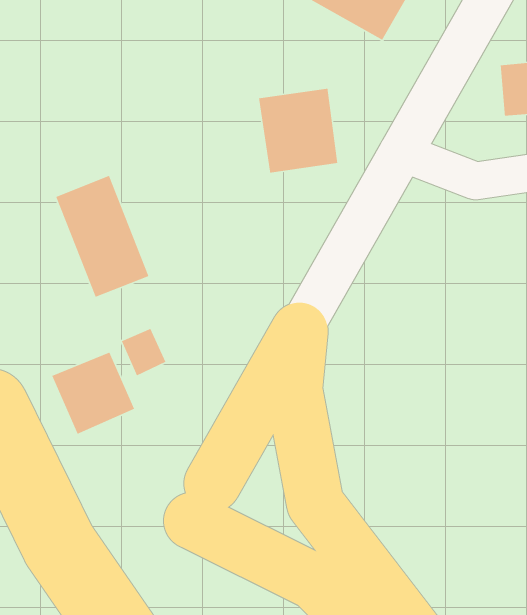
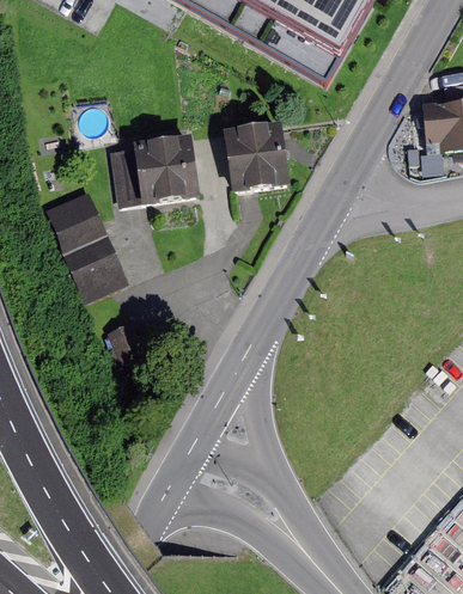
building: none -> [108,136,197,207]
building: [51,351,135,435] -> none

